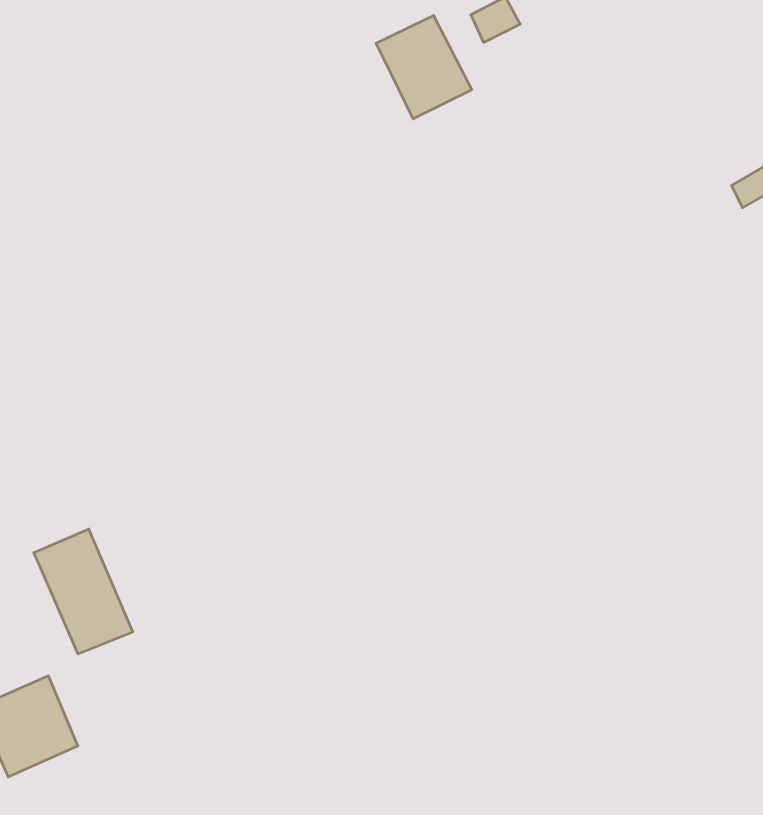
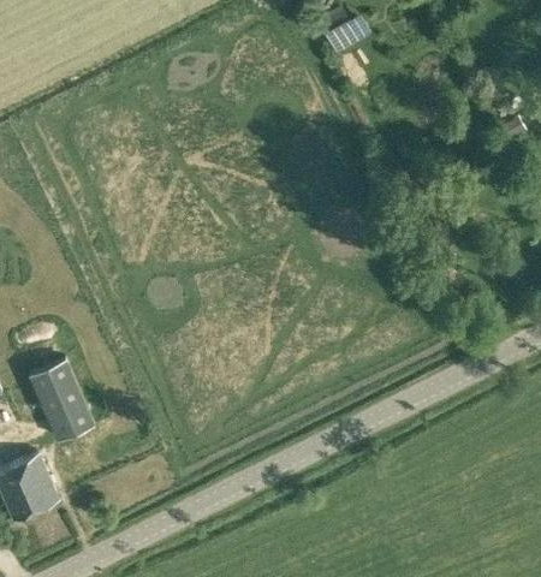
building: [376,15,472,119] -> none

